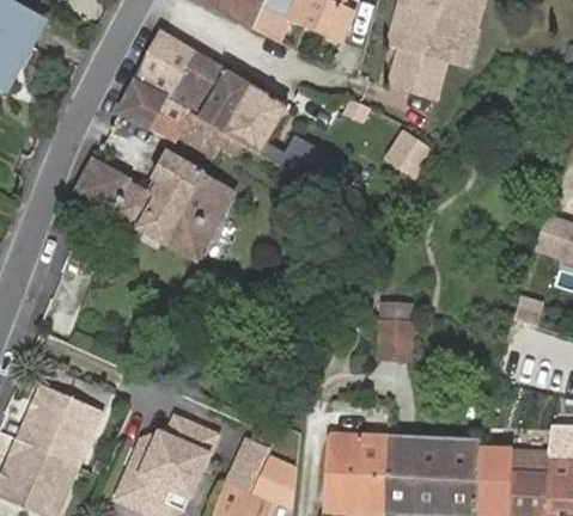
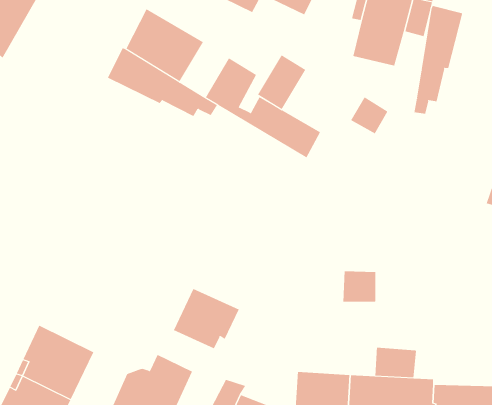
building: none -> [414,5,463,115]
building: [199,70,252,131] -> [257,55,306,110]
building: [77,143,234,259] -> none
building: none -> [173,288,240,349]
building: none -> [375,347,417,378]

